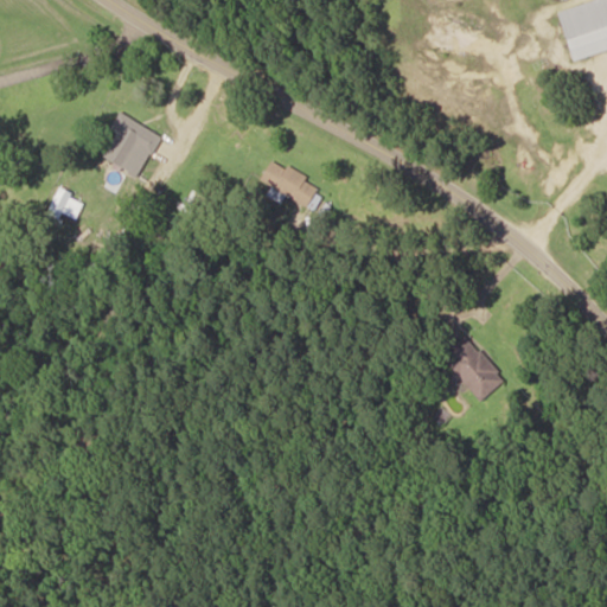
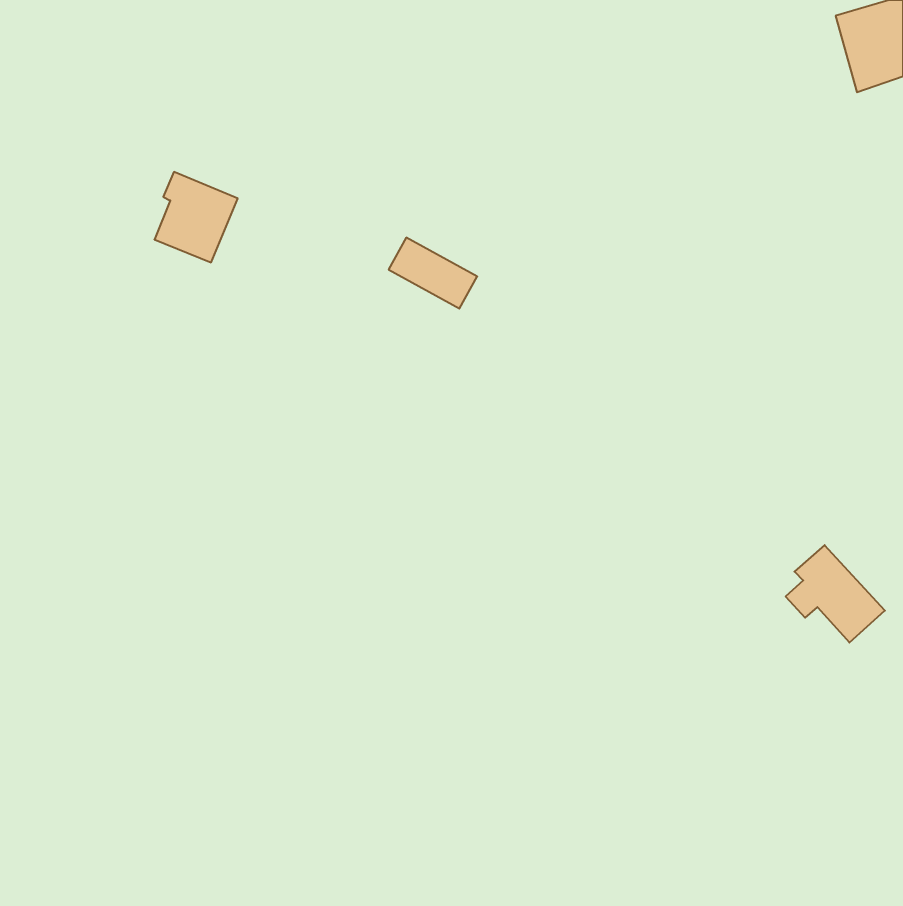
building: [44,189,84,224] -> none
building: [439,336,505,401] -> [786,545,885,643]

